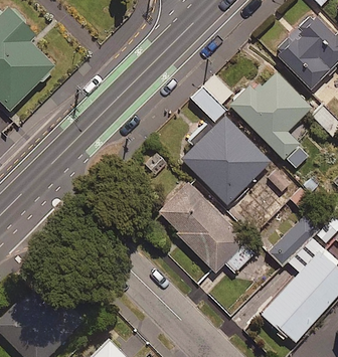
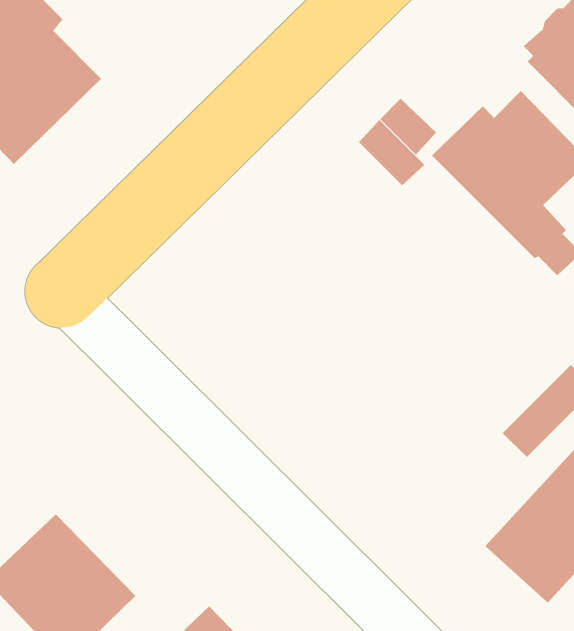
building: [182,117,273,207] -> none
building: [159,183,256,275] -> none

